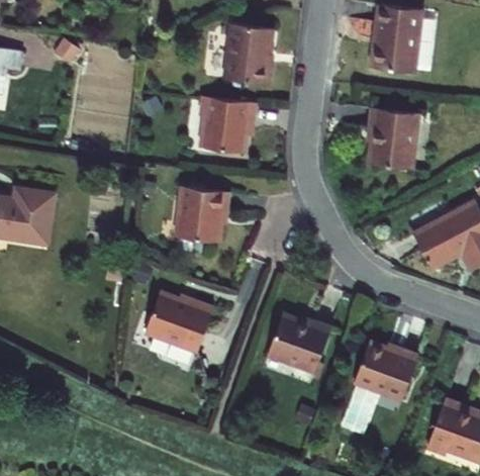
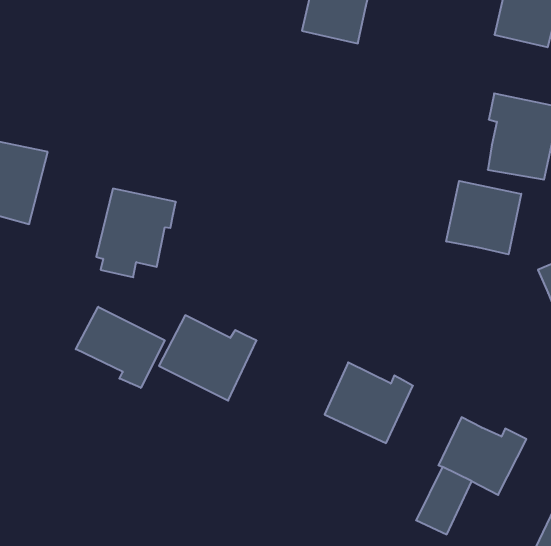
building: [202,97,257,154] -> none
building: none -> [446,181,521,254]
building: [178,190,231,253] -> [96,189,176,277]
building: none -> [76,307,165,388]

